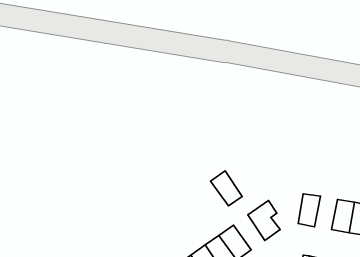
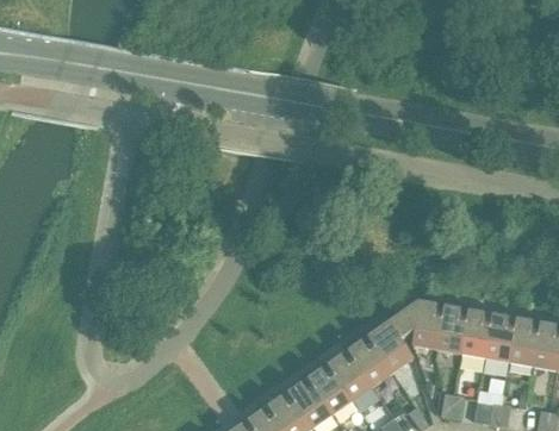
building: [211,171,242,206] -> [347,337,391,386]
building: none -> [400,302,445,349]
building: none -> [460,311,492,357]

